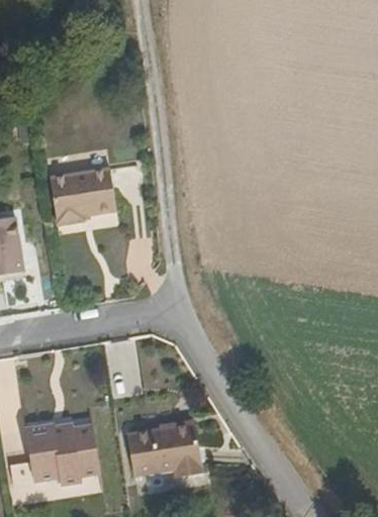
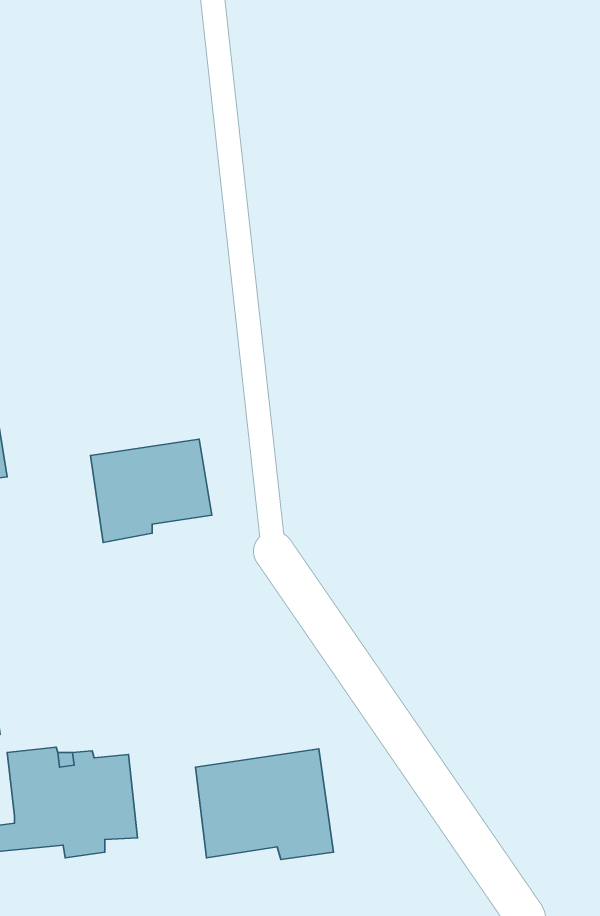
building: [46,169,114,226] -> [91,439,212,542]

